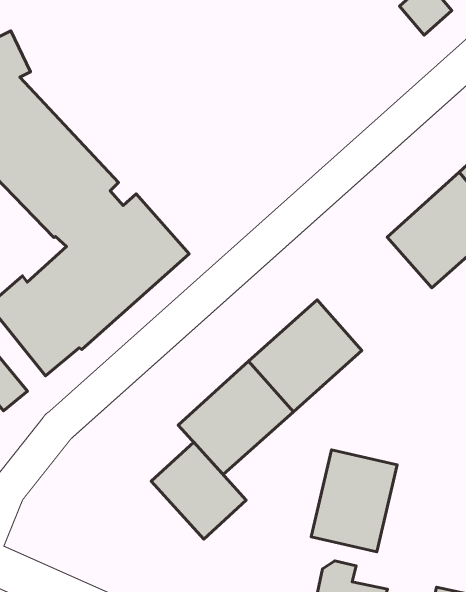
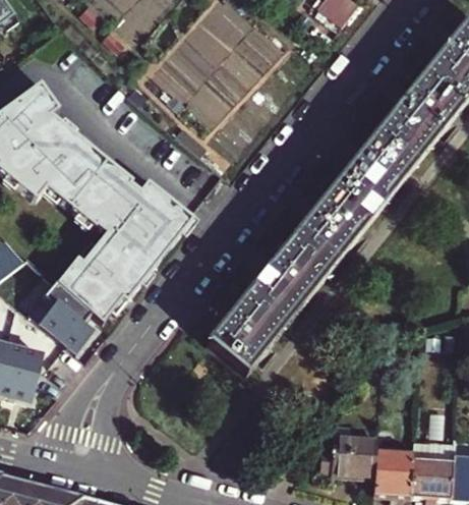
building: none -> [292,183,374,269]
building: [151,442,246,539] -> none
building: [311,450,397,552] -> none

